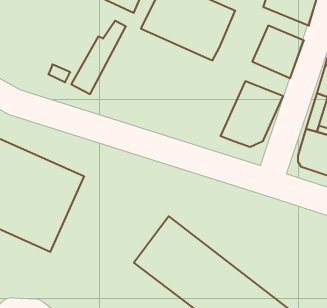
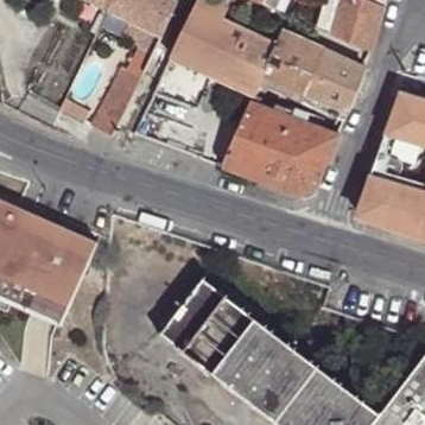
building: none -> [264,33,322,94]
building: none -> [222,102,294,183]

